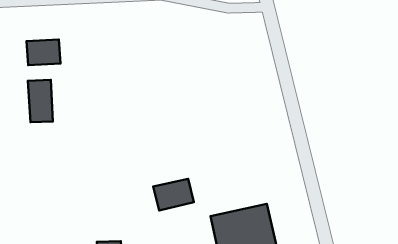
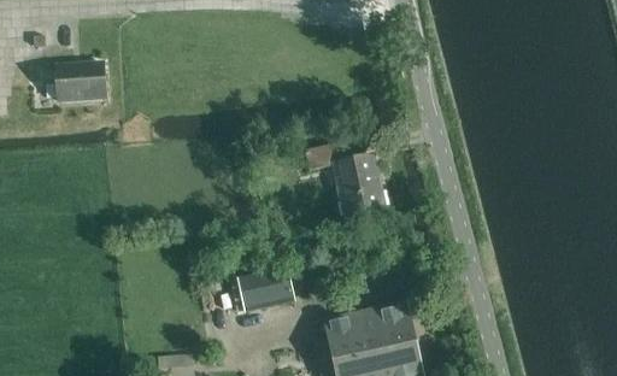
building: [28,80,53,122] -> none
building: none -> [304,141,383,218]

